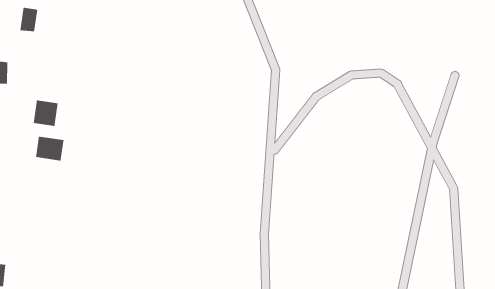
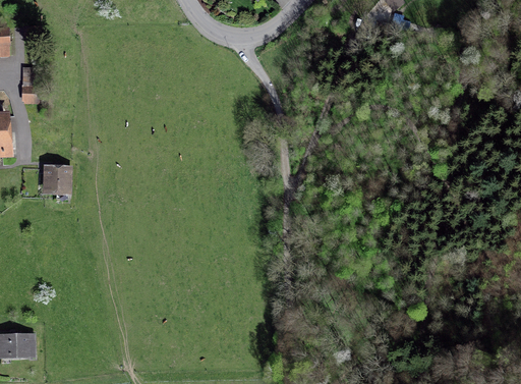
building: [36,136,64,161] -> none

